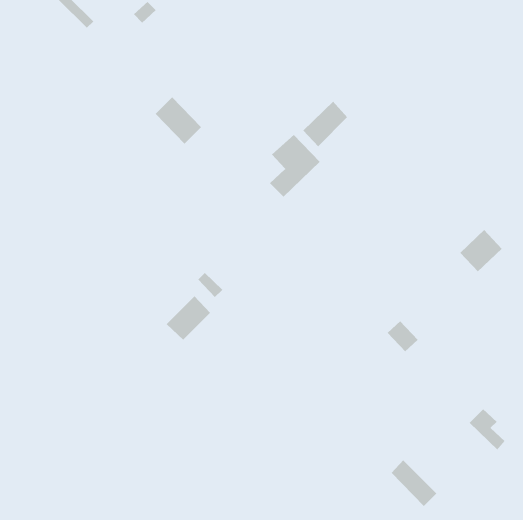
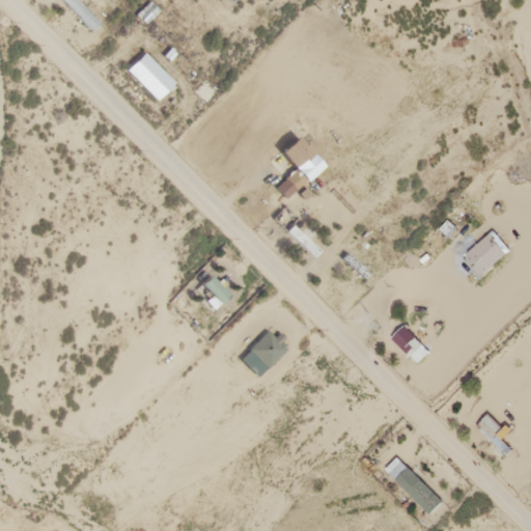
building: [155,97,202,145] -> [125,52,173,101]
building: [302,101,348,147] -> none
building: [166,295,211,340] -> [241,329,286,374]

